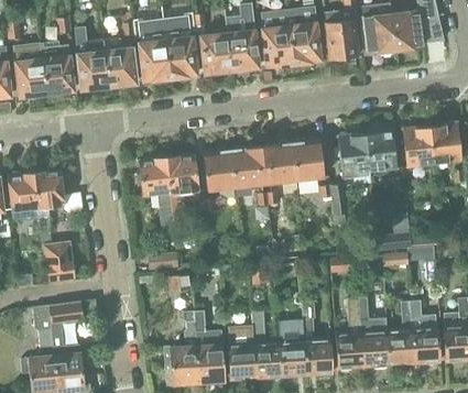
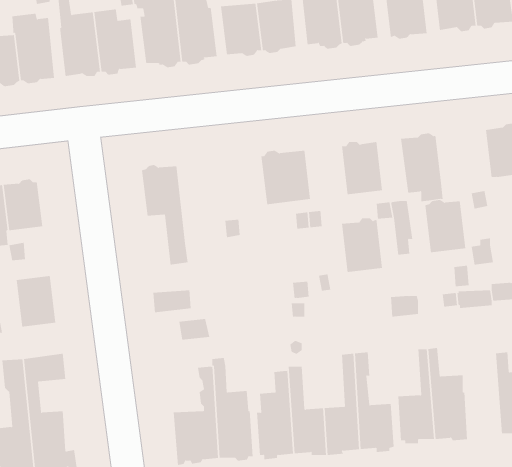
building: [364,130,396,171] -> [424,199,466,253]
building: [264,141,296,183] -> [341,218,383,272]
building: [203,148,235,190] -> none
building: [166,152,198,217] -> none
building: [387,301,414,367] -> none

